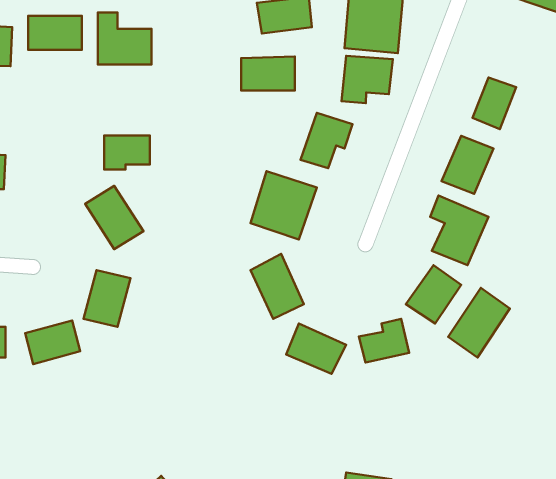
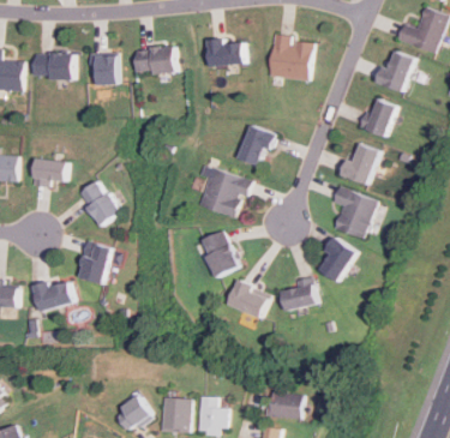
building: none -> [377,49,413,91]
building: [342,56,393,103] -> none
building: [241,56,295,90] -> [136,47,175,72]
building: [104,135,150,169] -> [34,160,67,185]
building: [448,288,510,358] -> none

